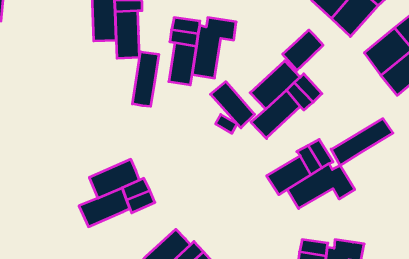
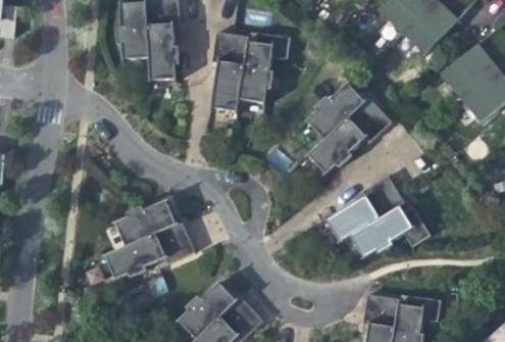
building: [283,30,323,70] -> none
building: [132,52,159,106] -> none
building: [210,82,255,128] -> none
building: [331,119,393,165] -> none

